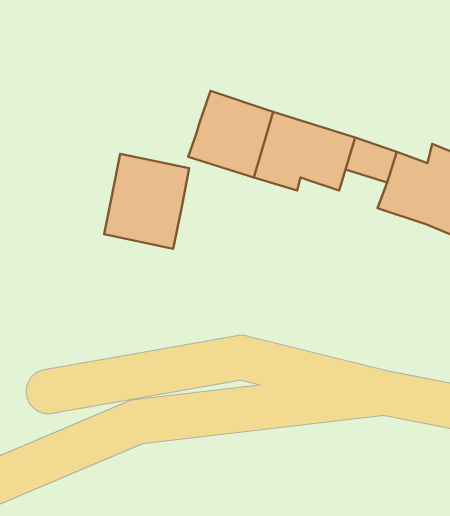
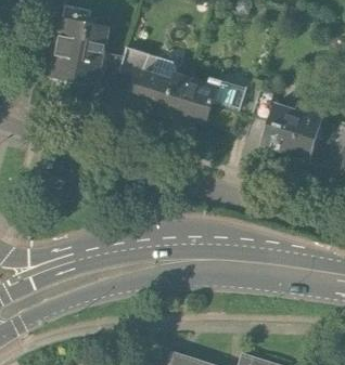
building: none -> [126,53,161,83]
building: [104,154,189,249] -> [60,21,117,84]

